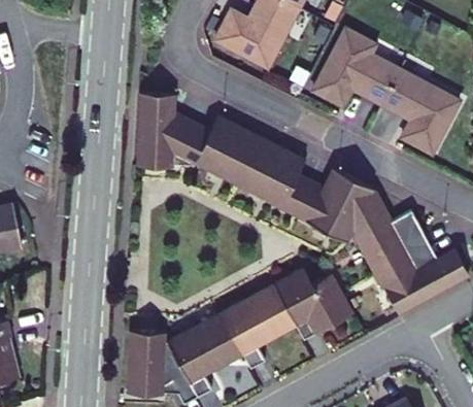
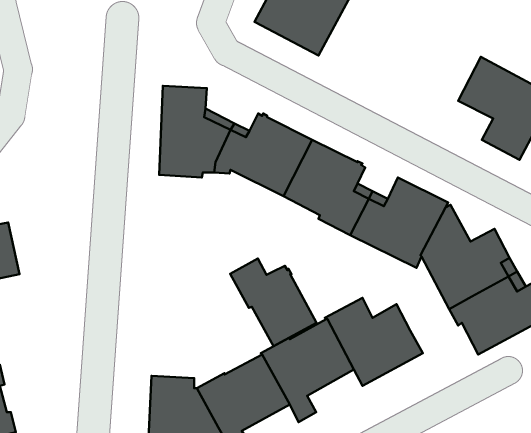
building: [312,29,400,106] -> none
building: none -> [230,259,316,346]

